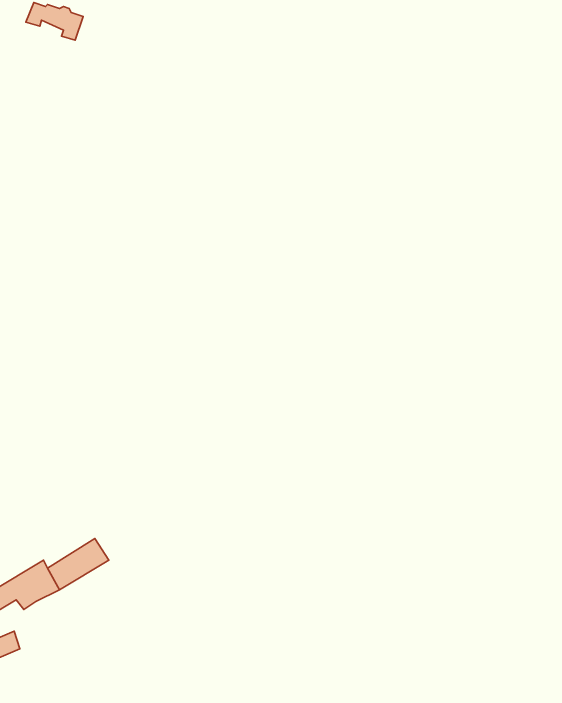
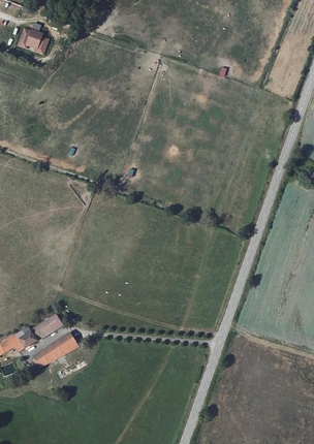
building: none -> [32,332,76,368]

